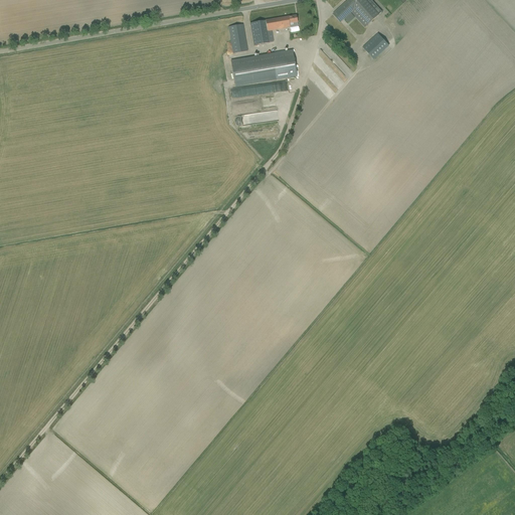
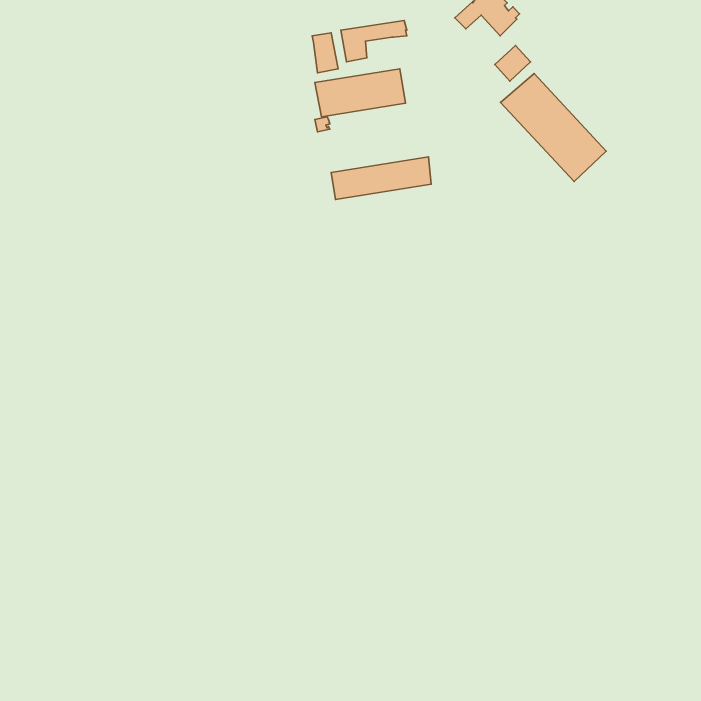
building: none -> [500,74,606,181]
building: none -> [331,157,431,199]

